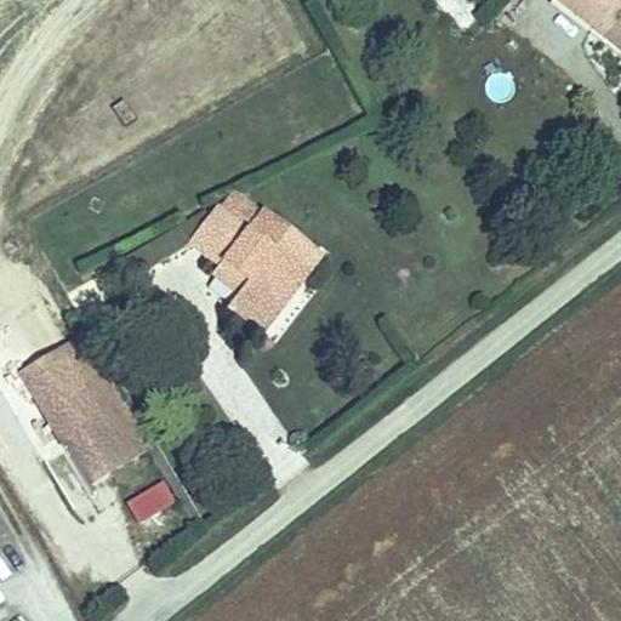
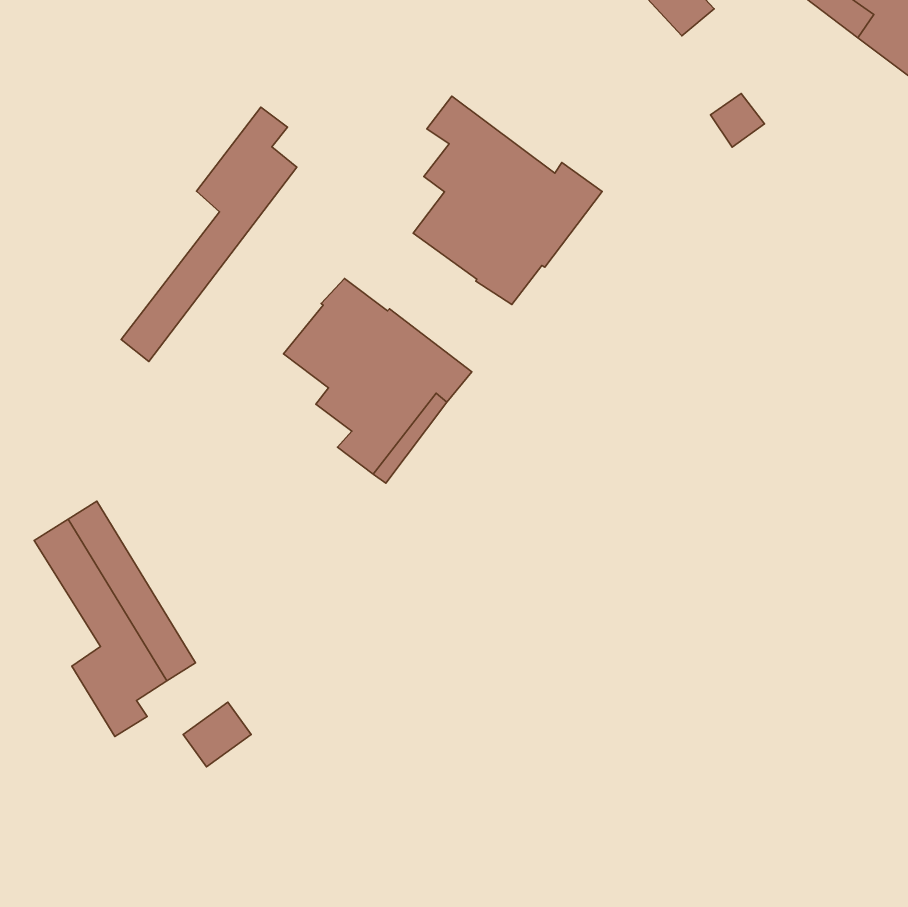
building: none -> [413,96,602,305]
building: none -> [121,107,297,362]

